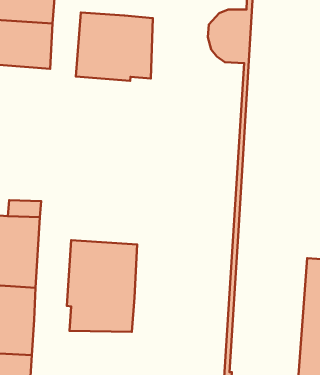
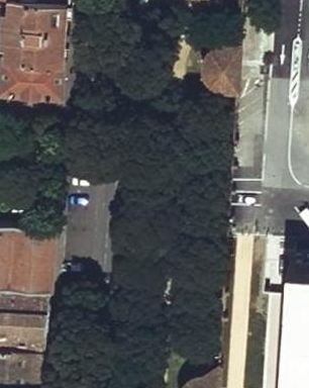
building: [76,13,153,81] -> none
building: [67,240,137,332] -> none

